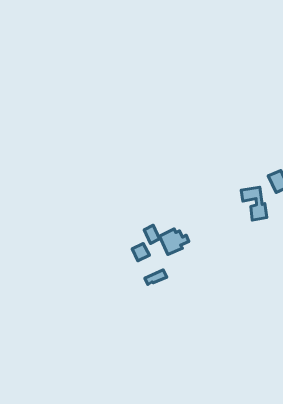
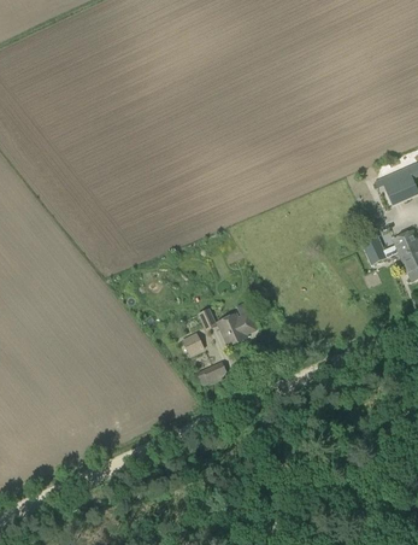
building: [241,187,267,220] -> none

